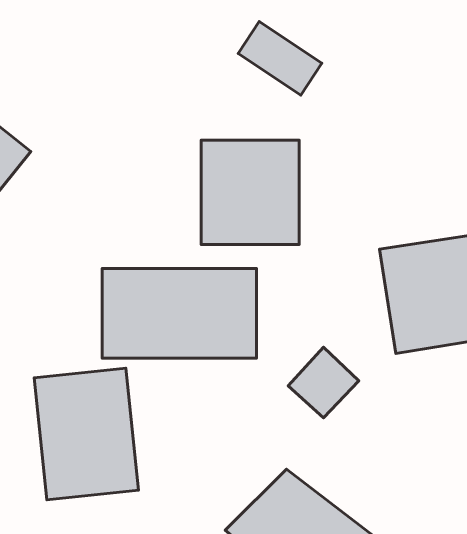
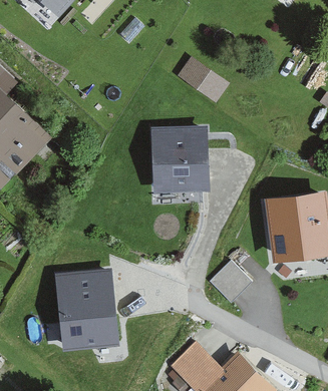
building: [102,269,256,358] -> none

